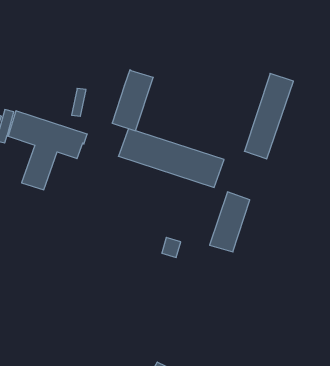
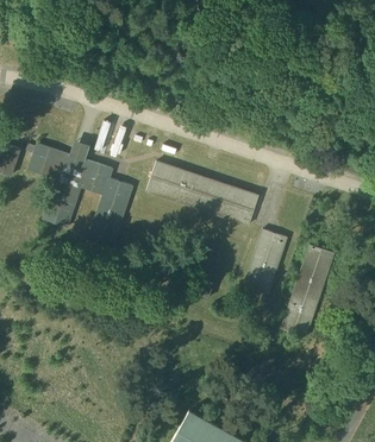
building: [112,70,153,131] -> [89,176,133,241]
building: [244,73,293,159] -> [282,244,335,335]

